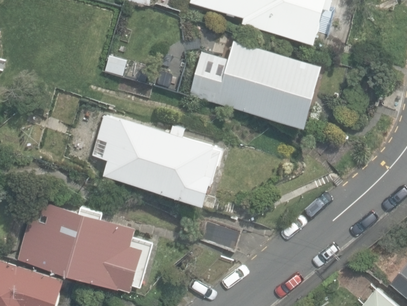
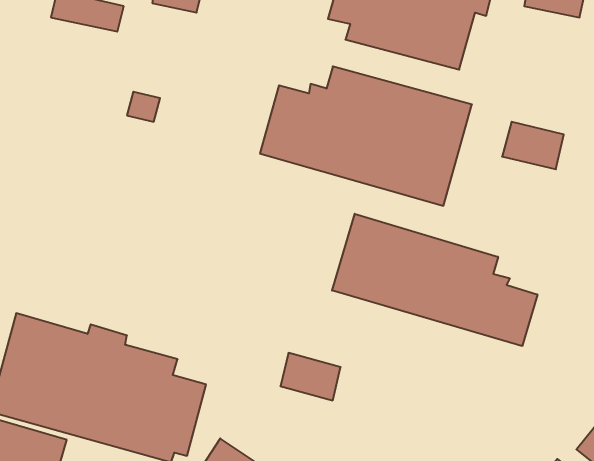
building: [91,117,222,207] -> none
building: none -> [332,214,537,346]

